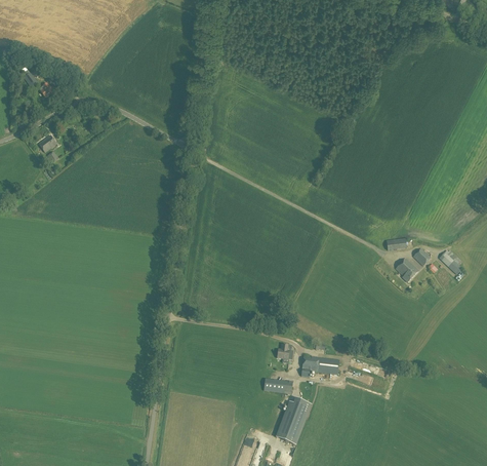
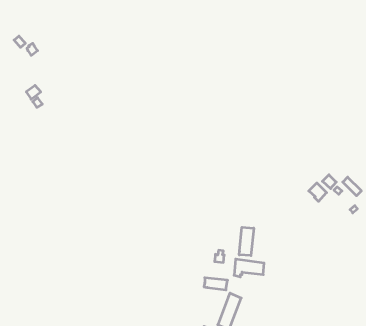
building: none -> [239,227,254,256]

